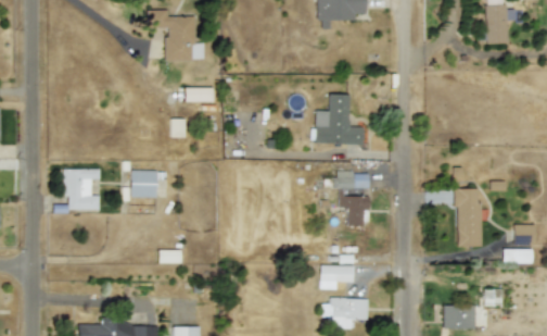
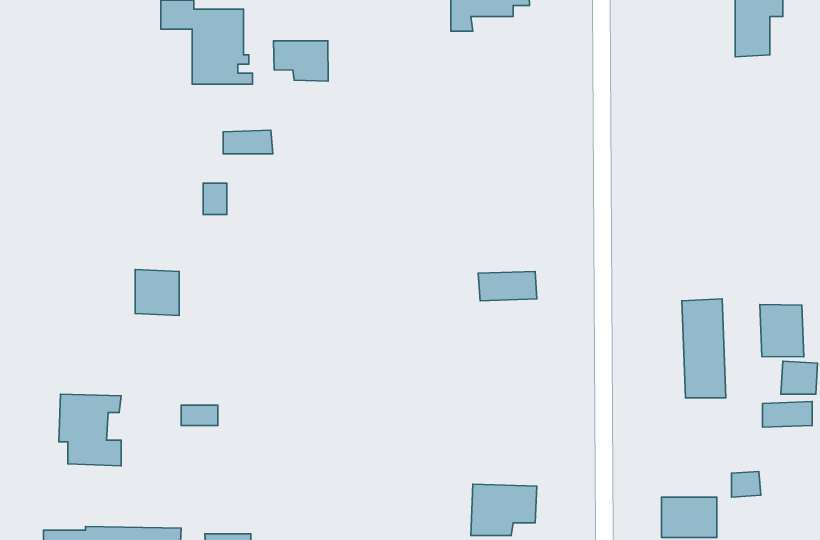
building: none -> [274,41,328,81]
building: [316,94,365,144] -> none
building: [64,167,101,210] -> [59,394,121,466]
building: [340,188,370,226] -> none
building: none -> [760,305,804,357]
building: [322,264,355,282] -> none

